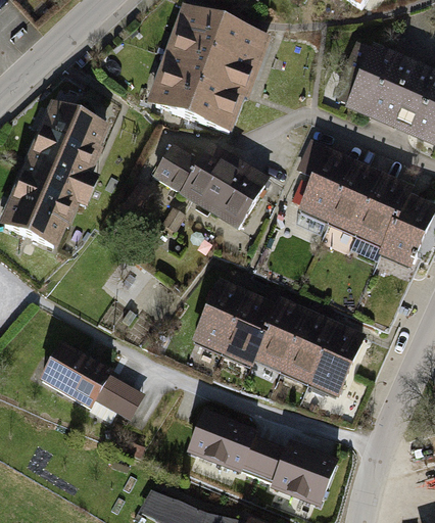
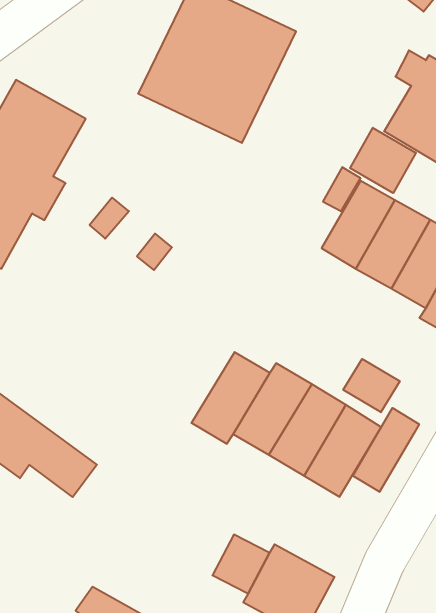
building: none -> [350,128,416,193]
building: [152,142,271,231] -> none
building: [189,280,246,352] -> none
building: none -> [343,359,400,412]
building: none -> [353,408,419,492]
building: [191,409,264,475] -> none

